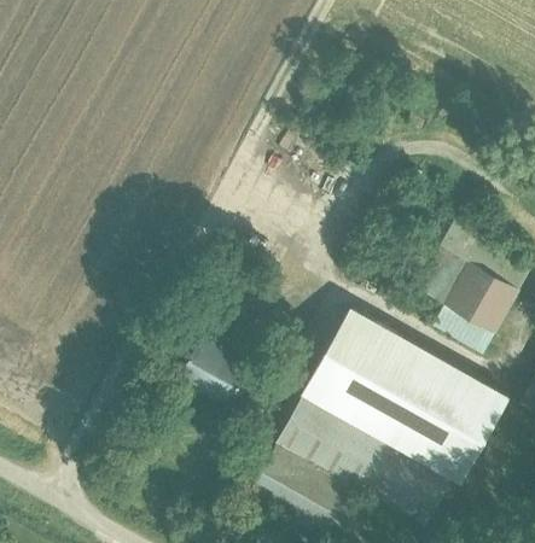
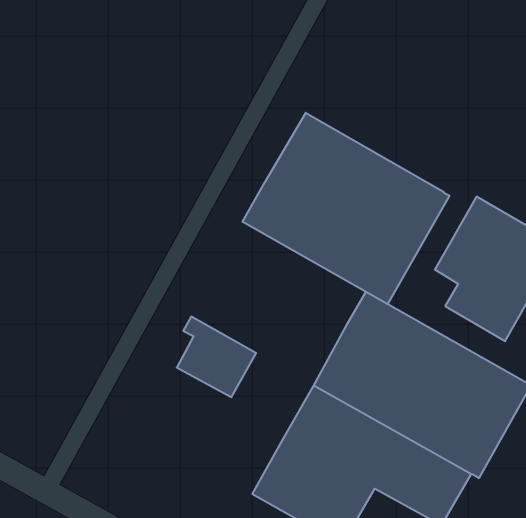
building: none -> [243,113,449,304]

